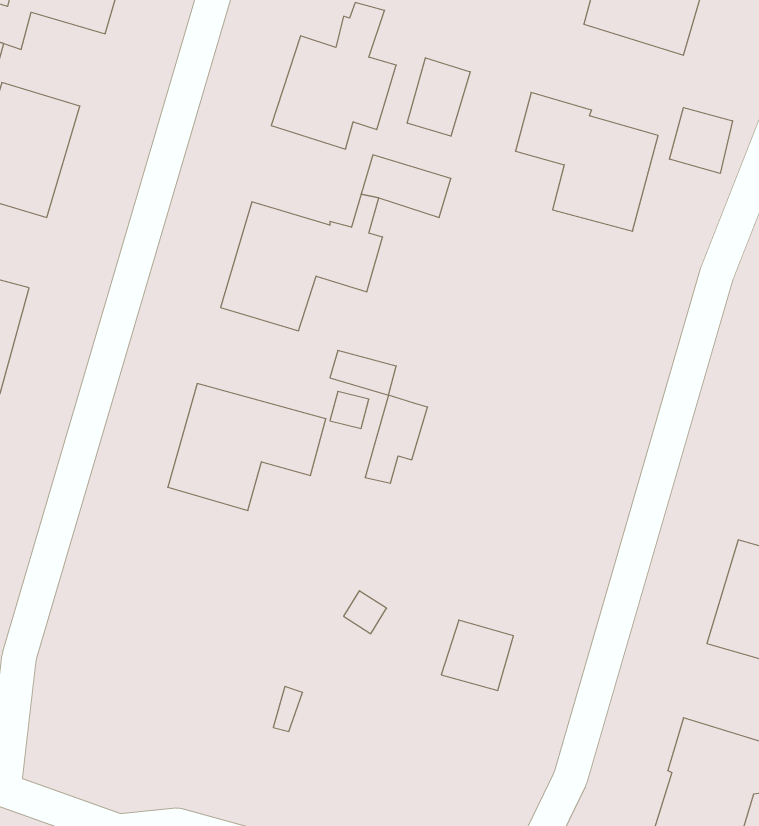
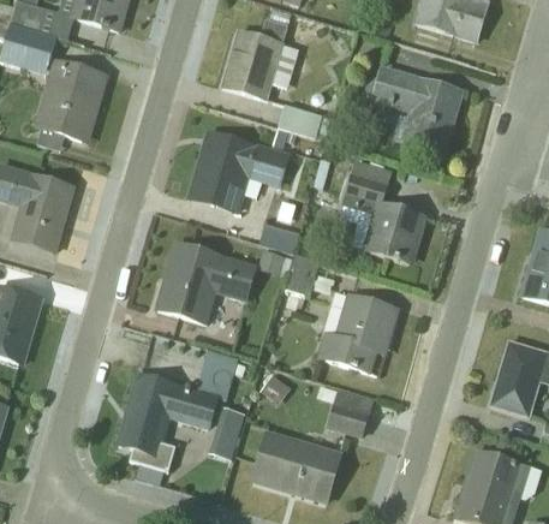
building: [407,58,470,136] -> none
building: [669,108,733,173] -> none
building: none -> [339,159,422,261]
building: none -> [320,292,395,369]
building: none -> [118,349,238,470]
building: none -> [255,433,339,499]

